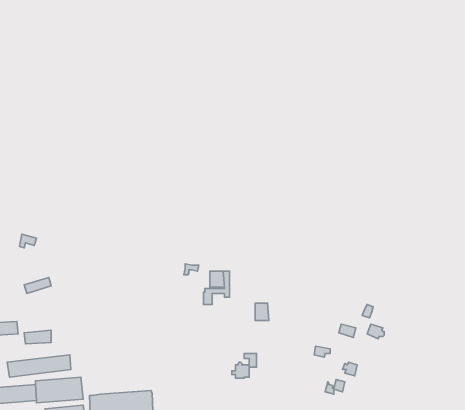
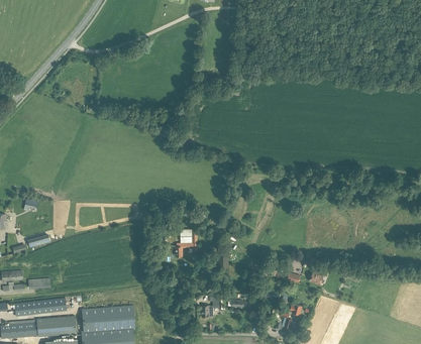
building: none -> [82,305,135,331]

